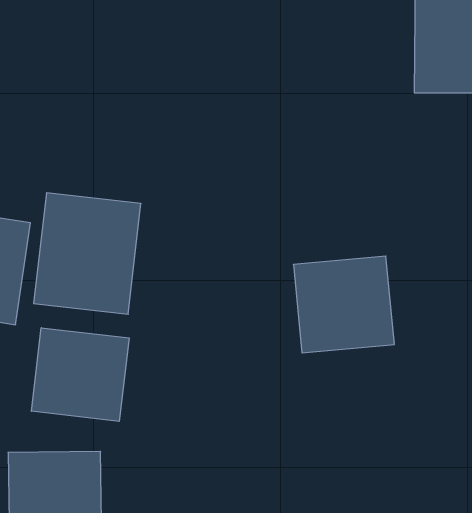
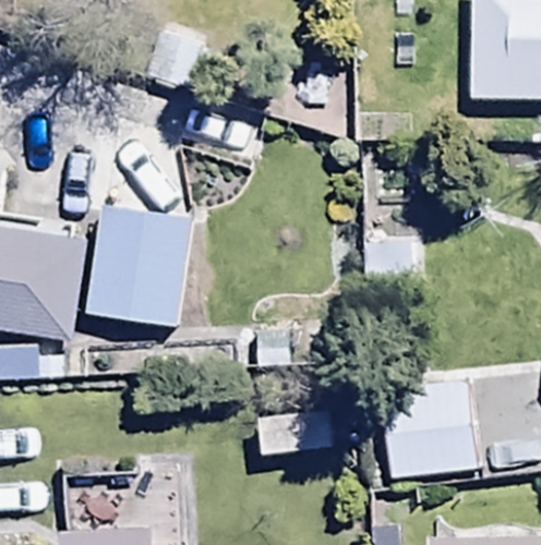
building: [293,256,394,353] -> [381,378,484,477]
building: [31,328,129,421] -> none

